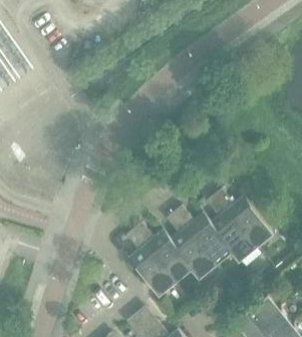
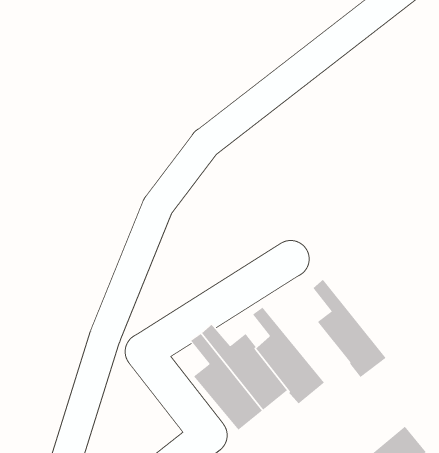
building: [214,193,272,250] -> none
building: [175,211,231,266] -> none

